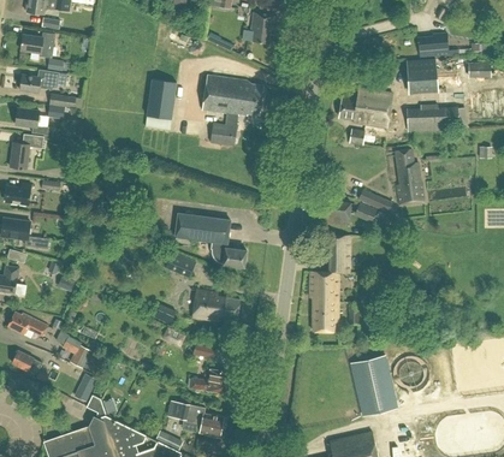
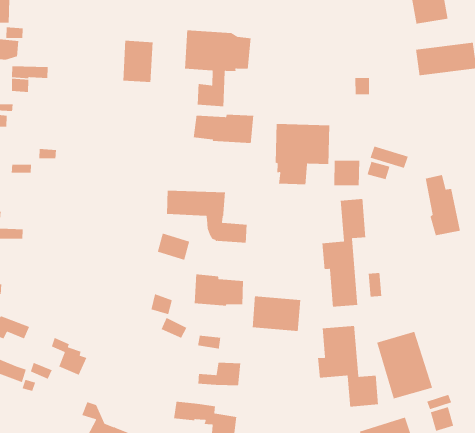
building: [338,89,391,127] -> none
building: [395,149,422,203] -> [425,174,461,236]
building: none -> [193,114,254,144]
building: none -> [275,123,330,185]
building: none -> [252,296,301,332]
building: none -> [317,325,379,407]

